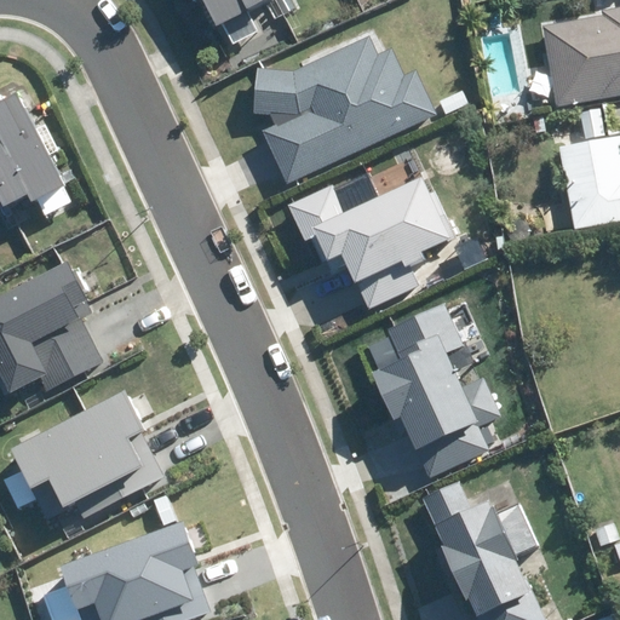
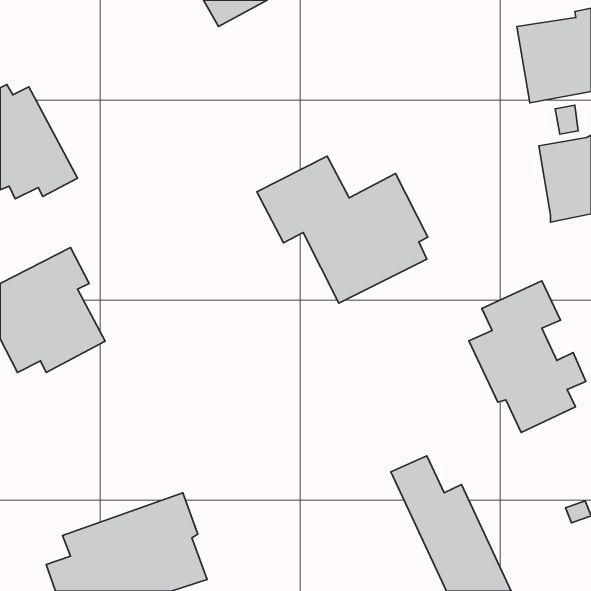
building: [254,36,437,183] -> none
building: [360,304,482,463] -> [469,281,586,432]
building: [17,384,171,515] -> none

